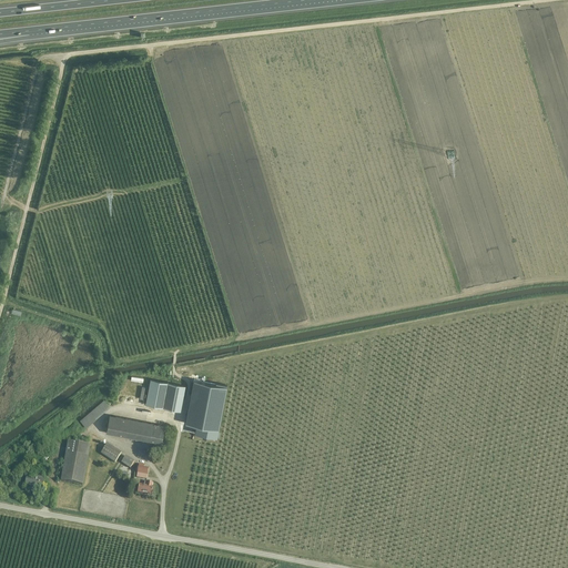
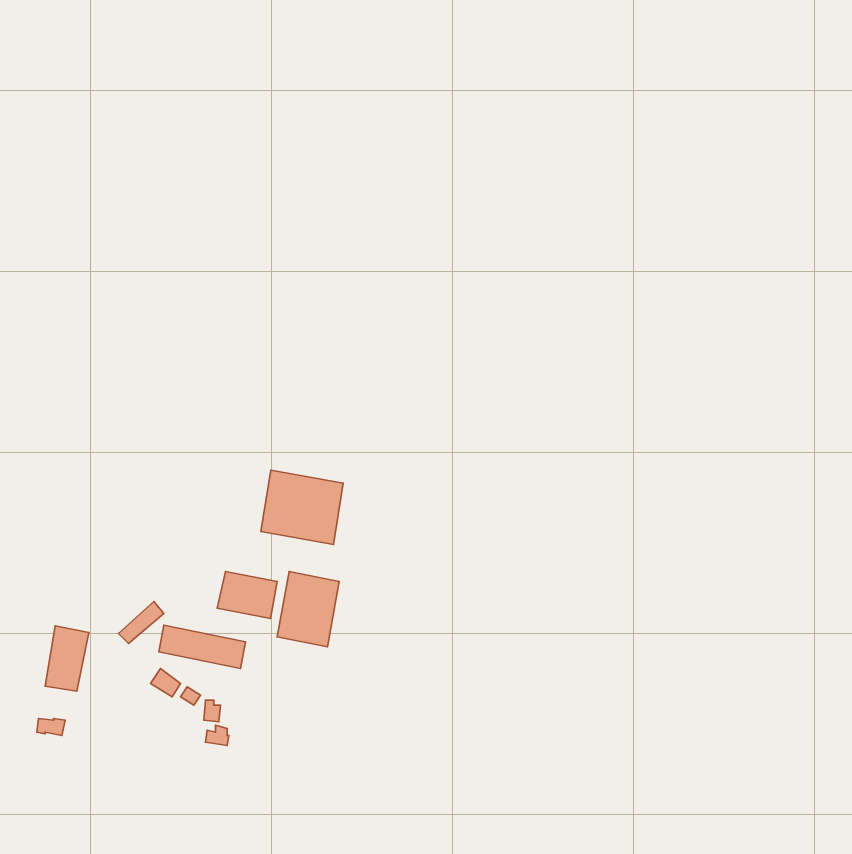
building: none -> [261,470,343,545]
building: [60,442,89,485] -> [45,626,89,691]

